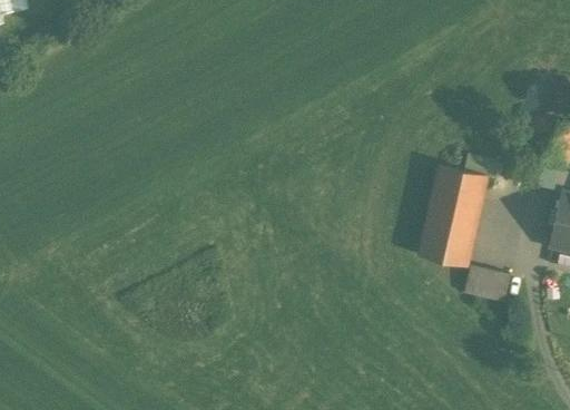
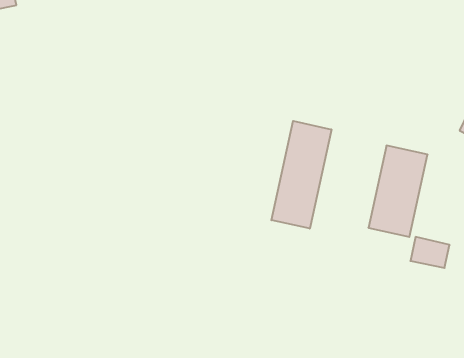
building: none -> [271,121,331,229]

